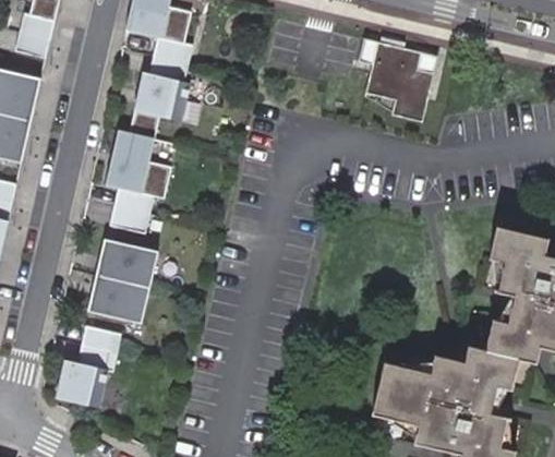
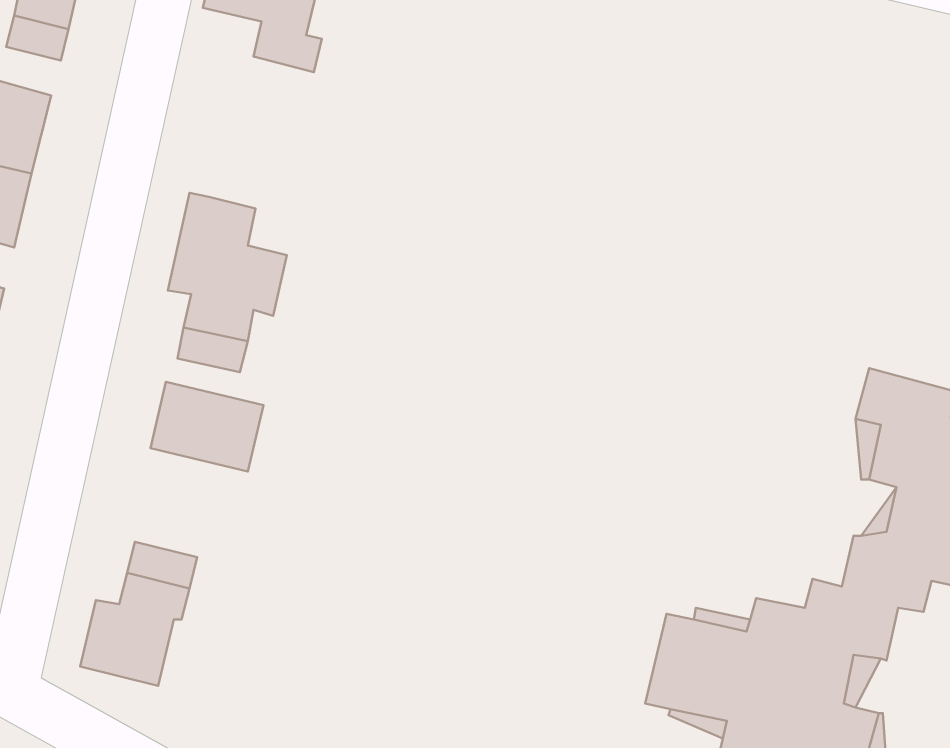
building: [357,40,437,123] -> none
building: [128,55,190,140] -> none
building: [87,274,149,322] -> none

